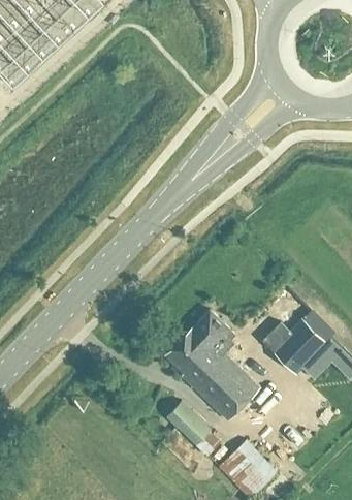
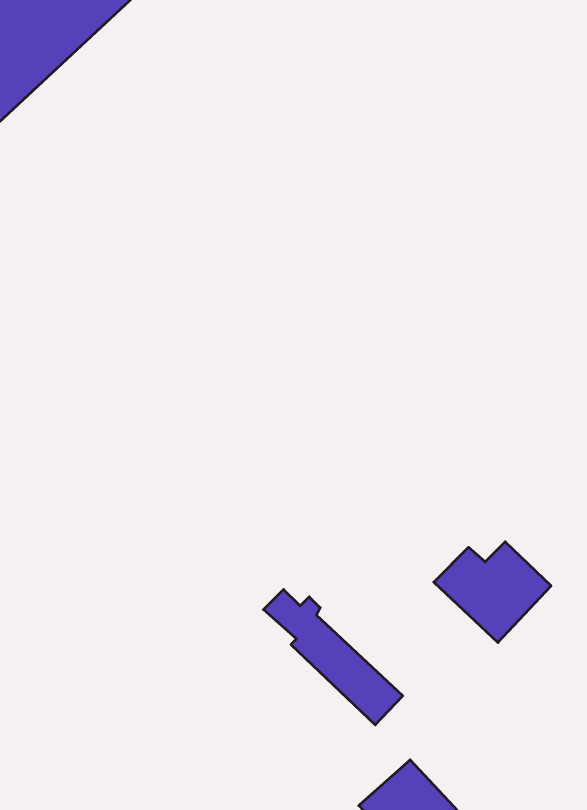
building: [177,309,260,404] -> none
building: [166,399,221,456] -> none

